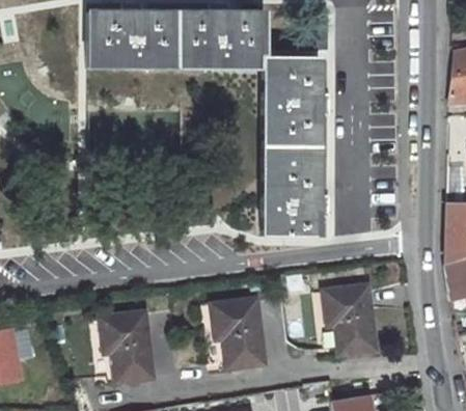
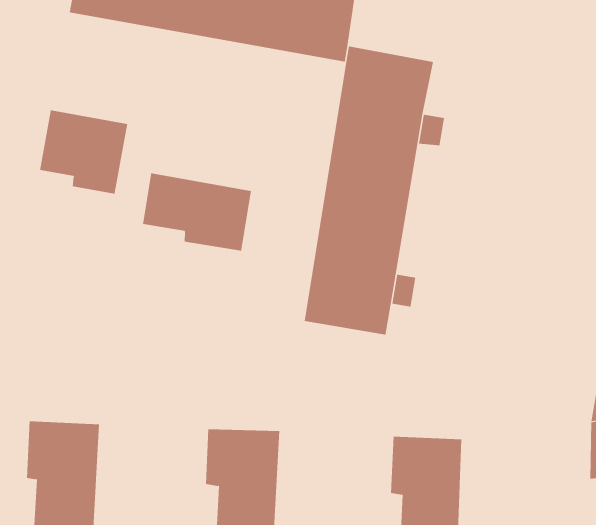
building: none -> [40,110,128,195]
building: none -> [142,172,252,251]

